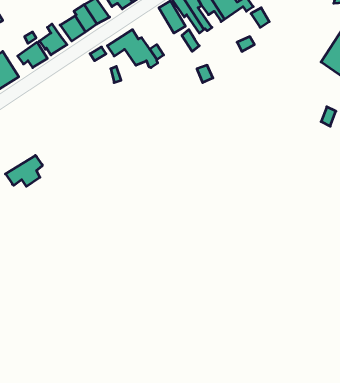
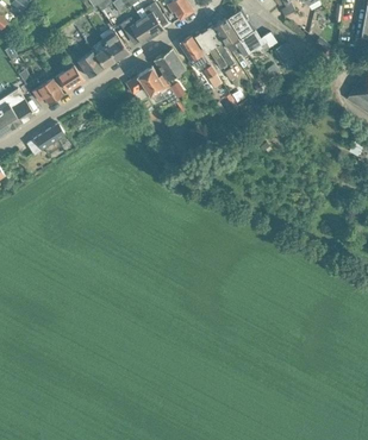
building: none -> [154,48,186,81]
building: [5,155,42,186] -> [26,122,64,155]

